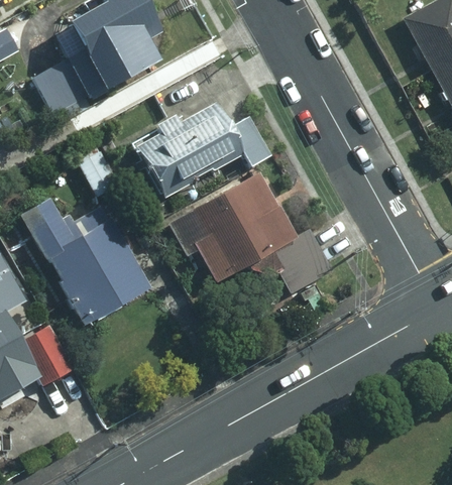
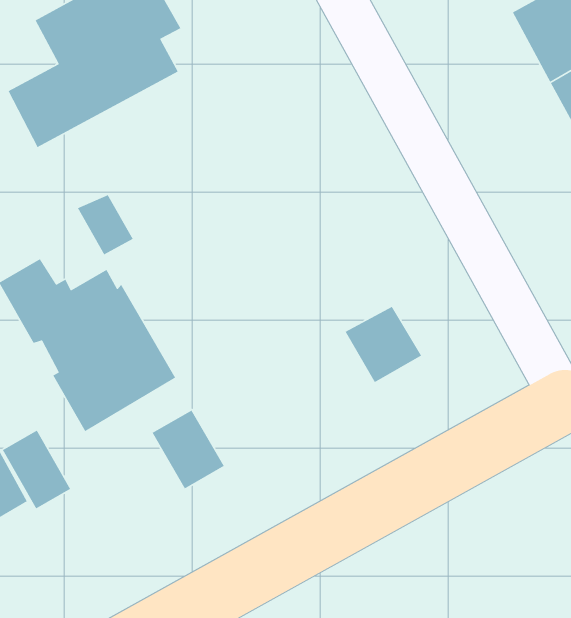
building: [134,102,273,199] -> none
building: [168,171,298,286] -> none
building: none -> [151,409,225,489]

